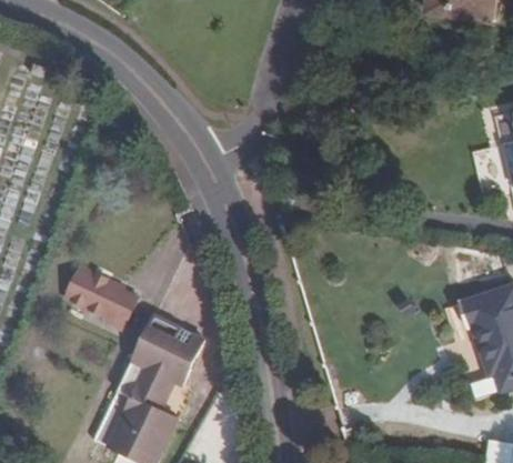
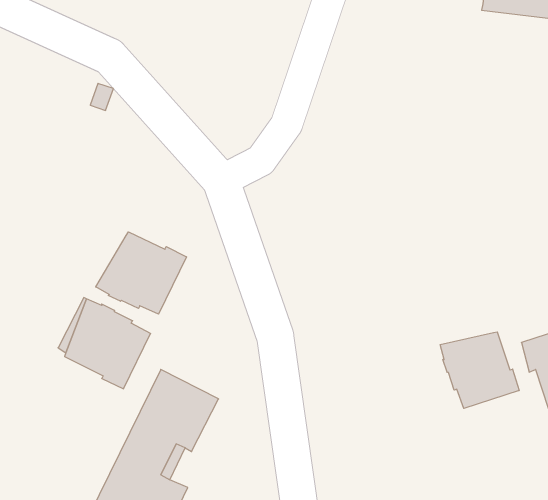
building: none -> [96,232,186,314]
building: none -> [440,332,519,408]

